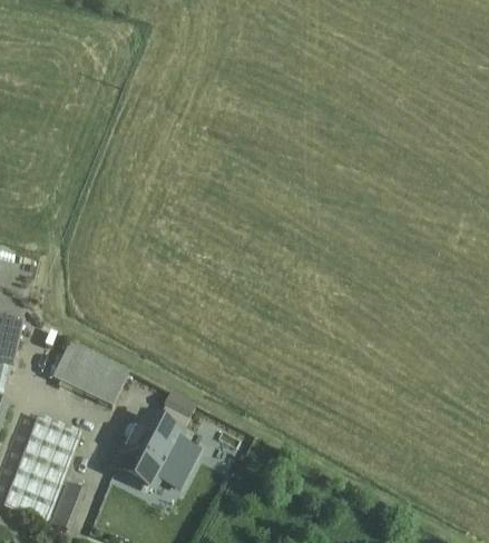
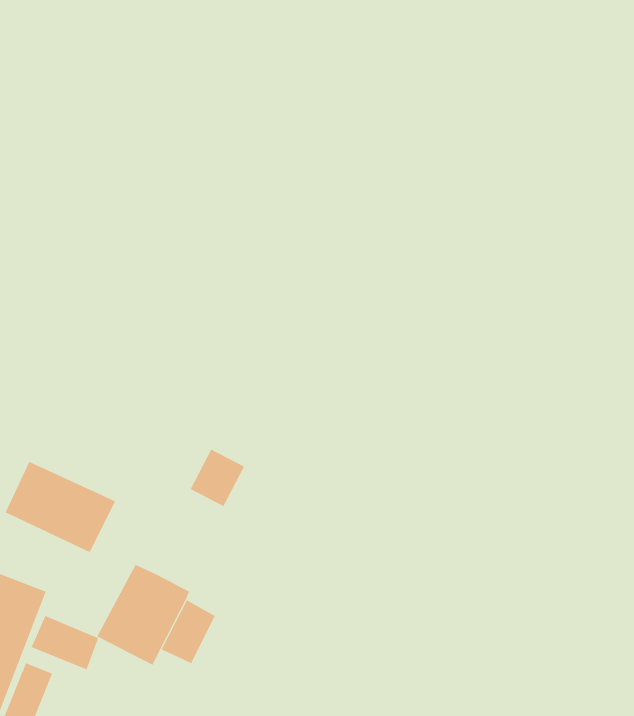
building: [157,392,195,432] -> [190,449,245,507]
building: none -> [31,615,99,670]

